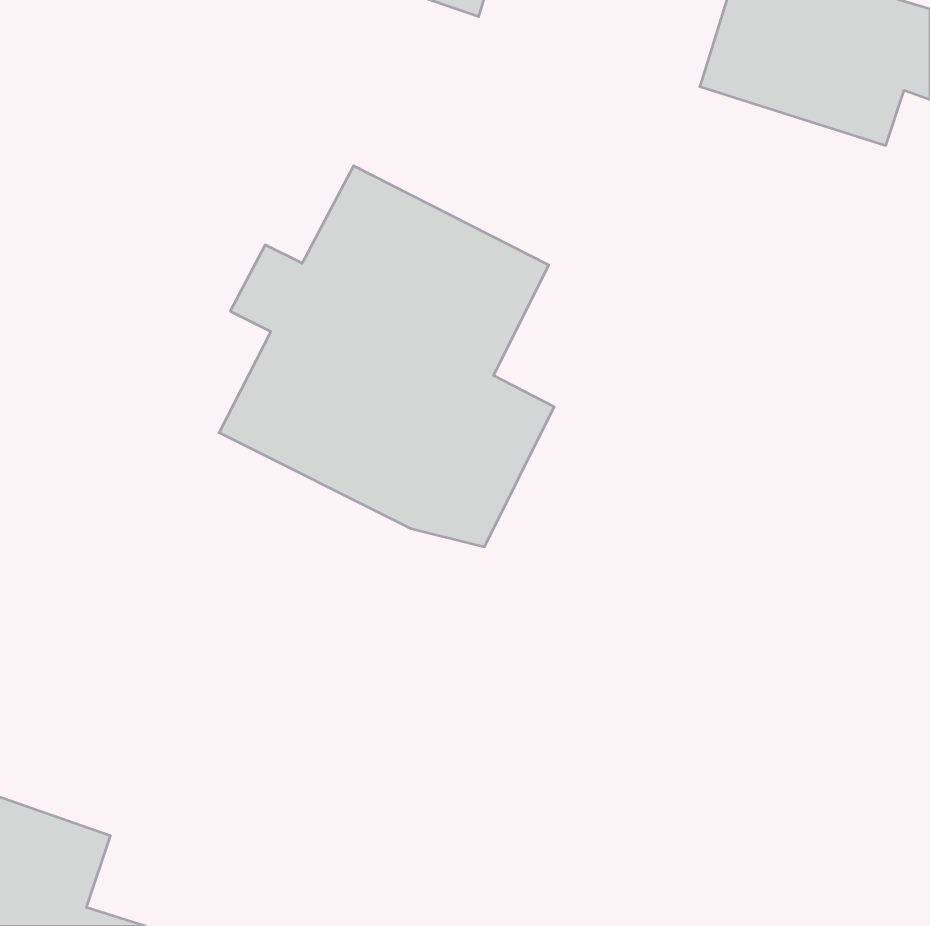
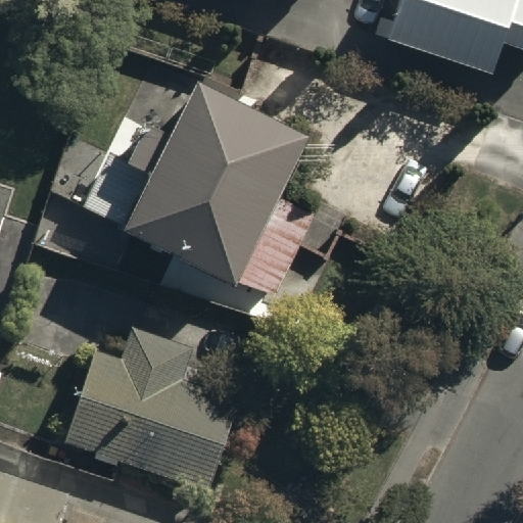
building: none -> [57,306,227,468]

